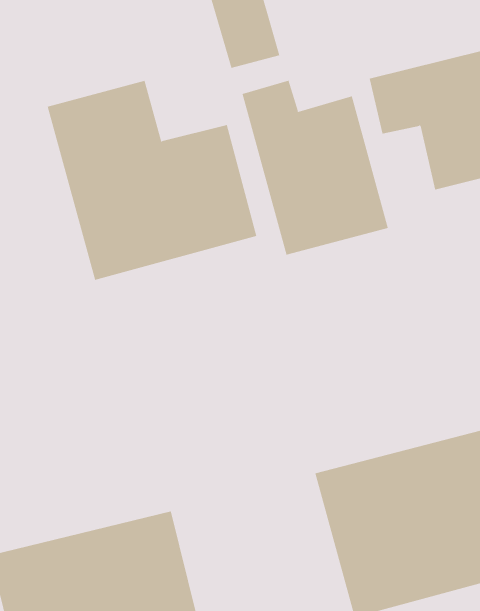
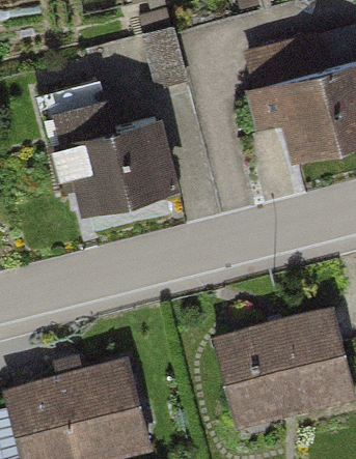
building: [242,80,388,255] -> none

